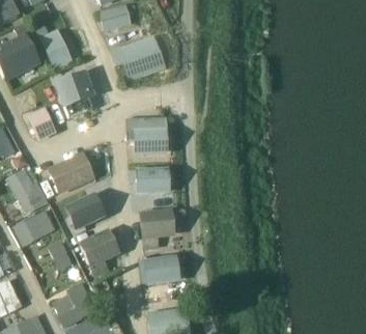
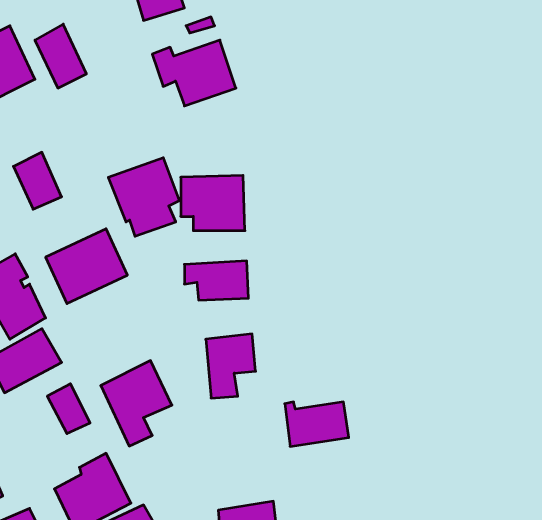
building: [53,69,94,115] -> [108,158,179,236]
building: [63,190,106,229] -> none
building: [138,256,175,282] -> [285,402,349,446]

